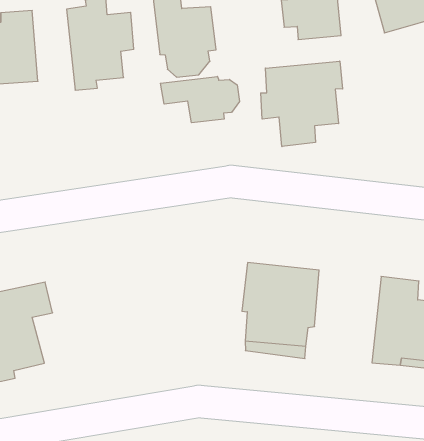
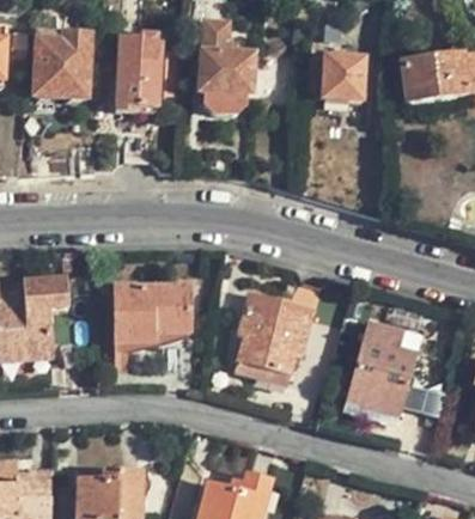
building: [261,61,343,147] -> none
building: [160,76,240,123] -> none
building: none -> [114,287,189,340]

